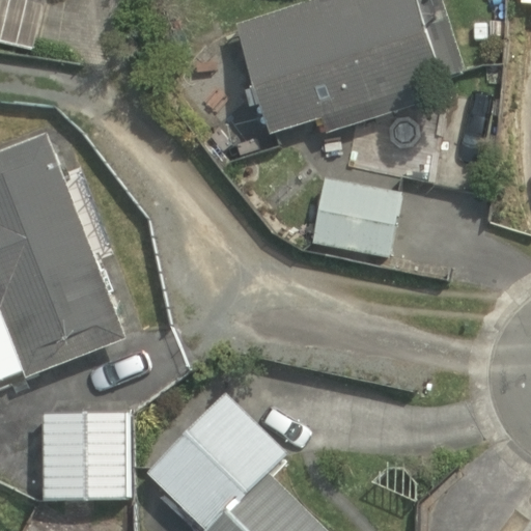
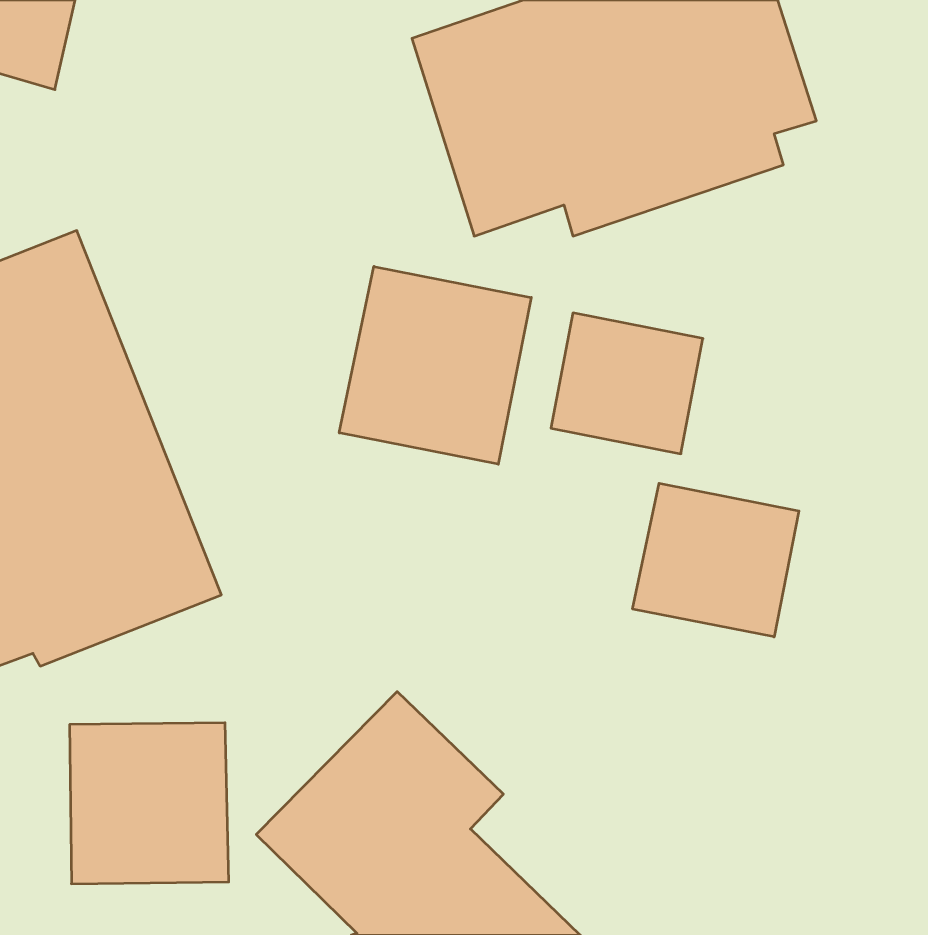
building: none -> [339,266,531,464]
building: none -> [633,483,799,637]

